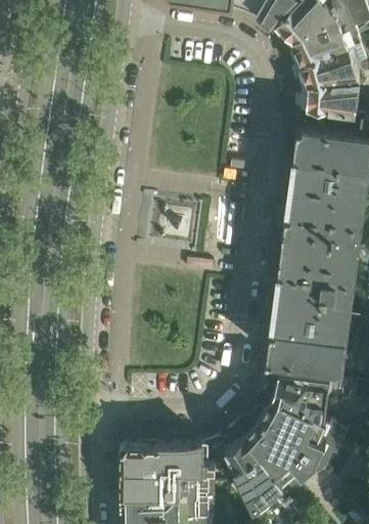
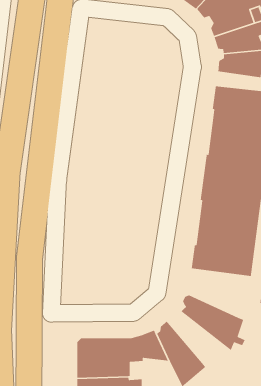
building: [264,376,336,425] -> none
building: [236,418,318,485] -> none

